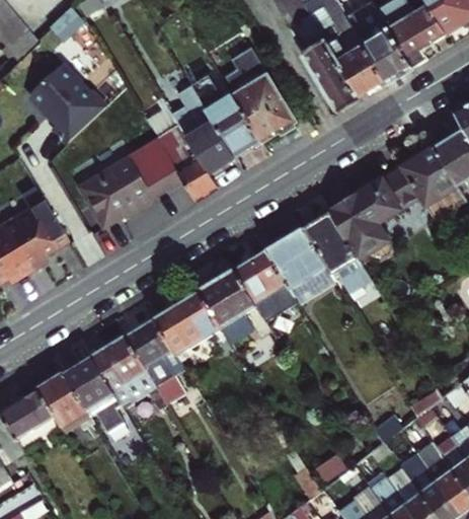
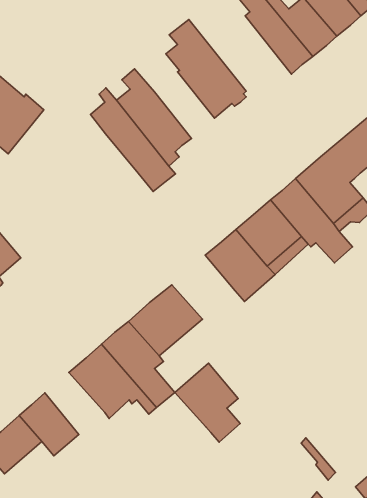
building: [212,93,263,157] -> none
building: [80,140,184,228] -> none
building: [199,268,256,343] -> [175,363,240,442]
building: [65,356,124,431] -> none

